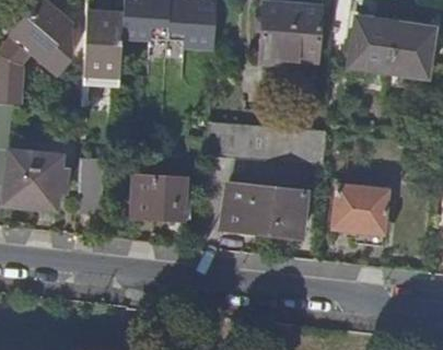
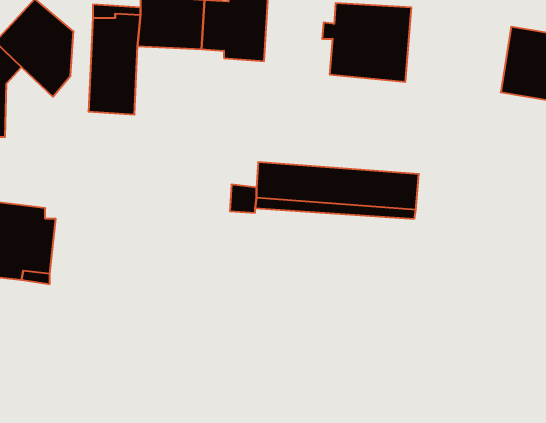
building: [350,16,395,70] -> none
building: [78,158,102,213] -> none
building: [131,176,186,219] -> none
building: [222,184,304,237] -> none
building: [333,184,389,246] -> none

